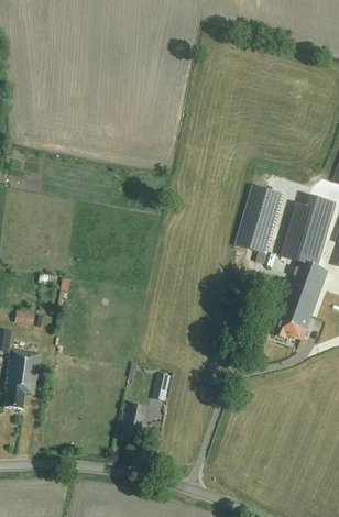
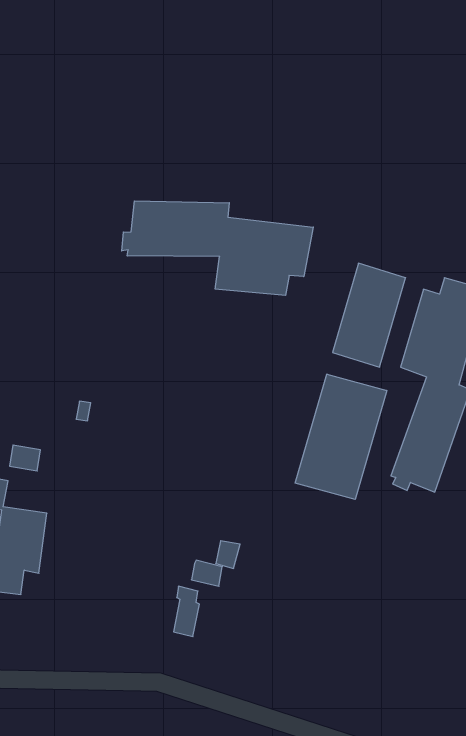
building: none -> [122,201,313,295]
building: none -> [295,374,387,499]

